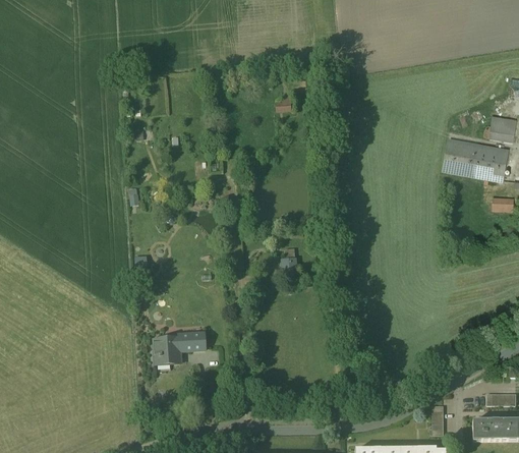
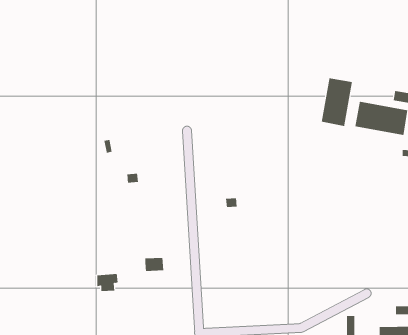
building: none -> [321,78,353,127]
building: [154,338,181,360] -> [96,274,118,292]

